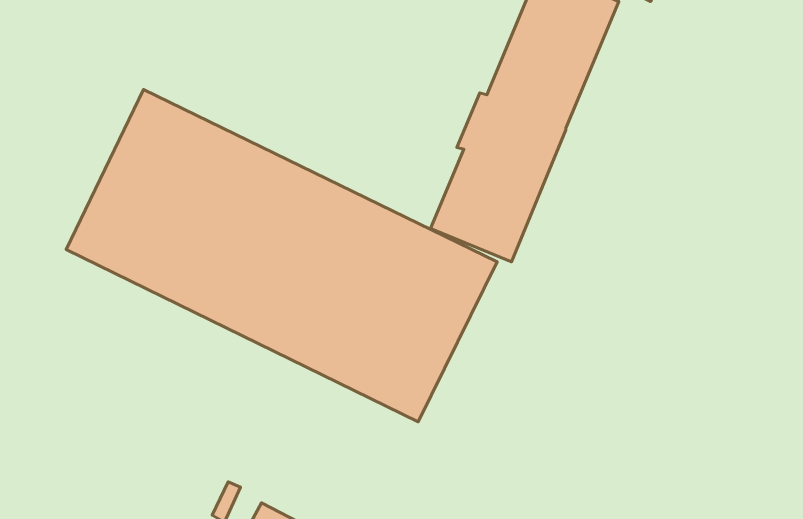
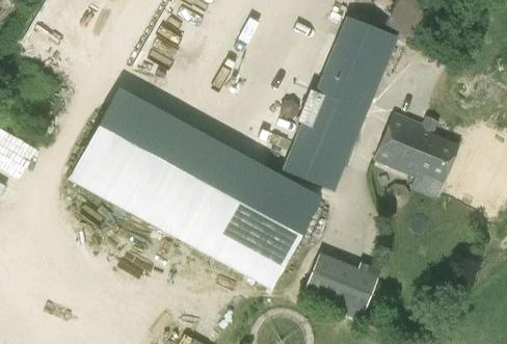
building: none -> [373,113,458,185]
building: none -> [303,252,382,319]

